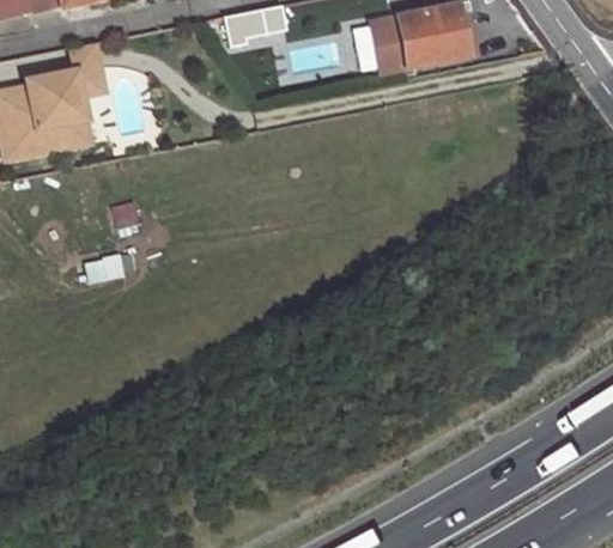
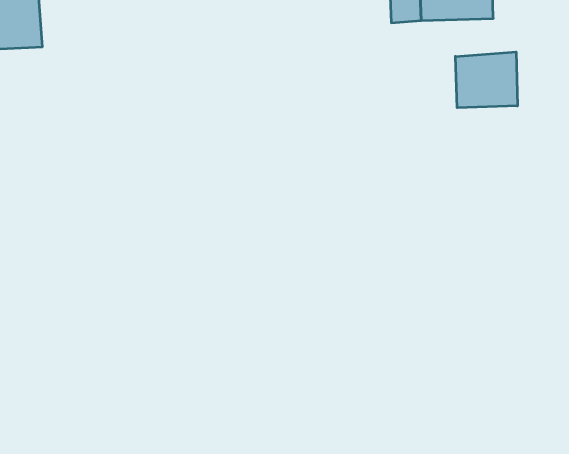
building: none -> [455,52,517,108]

